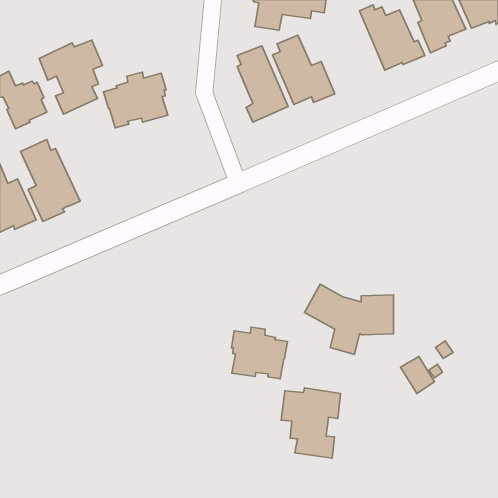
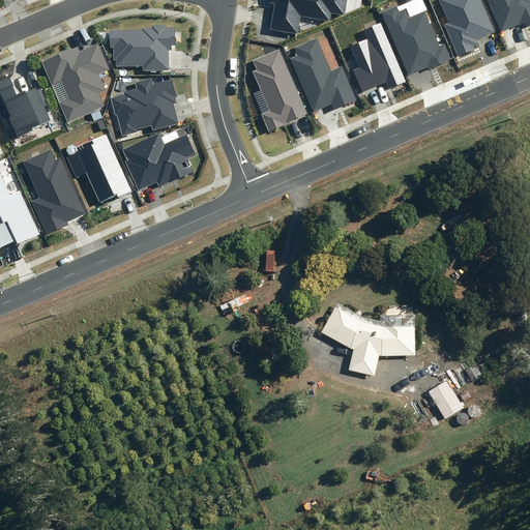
building: none -> [349,22,405,91]
building: none -> [109,24,174,69]
building: none -> [122,132,194,189]
building: none -> [66,134,131,202]
building: [231,327,287,379] -> none
building: [281,388,341,458] -> none

